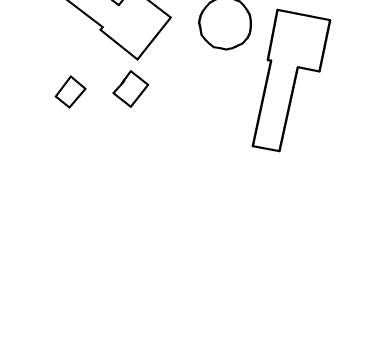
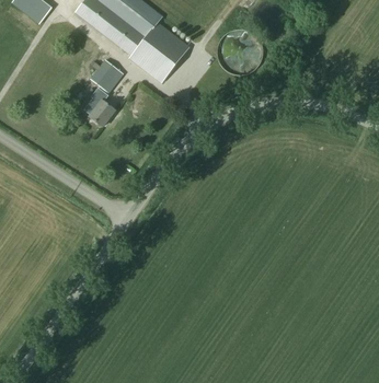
building: [253,10,330,151] -> none
building: [114,71,148,107] -> [89,57,119,89]

